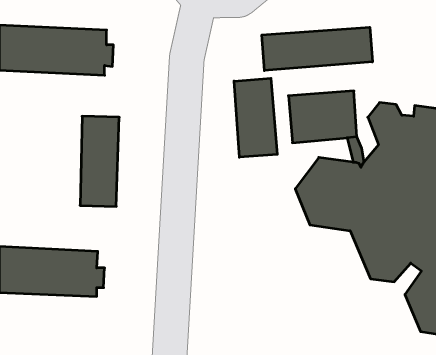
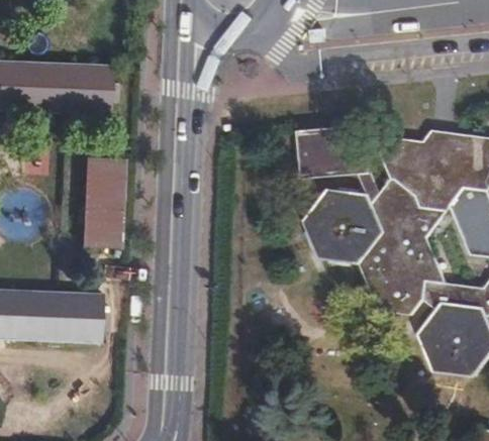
building: [262,27,372,71] -> none
building: [234,78,277,157] -> none

